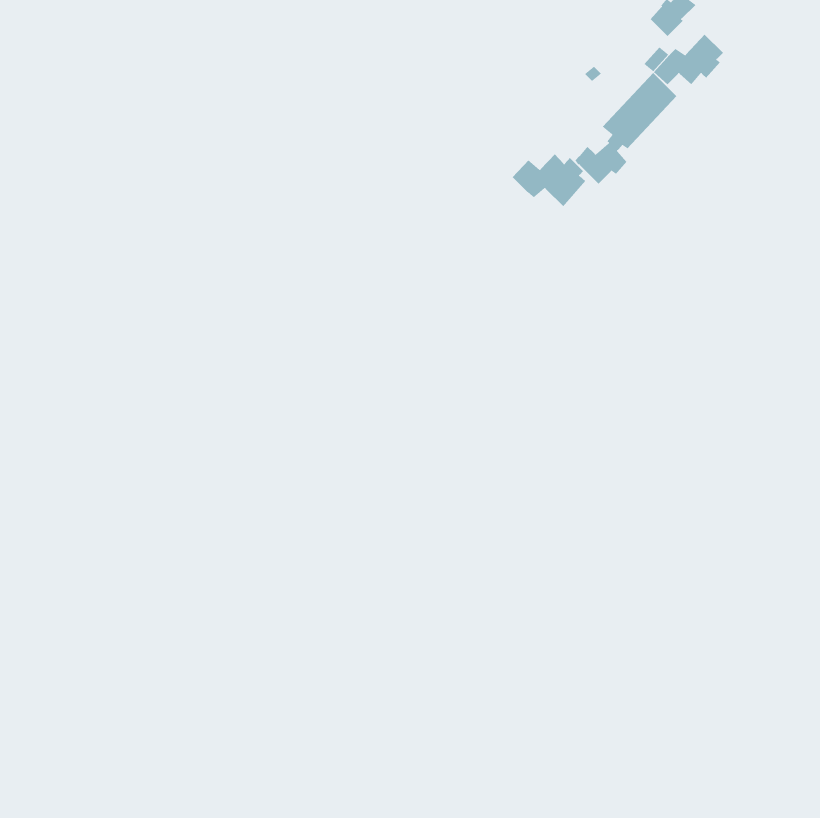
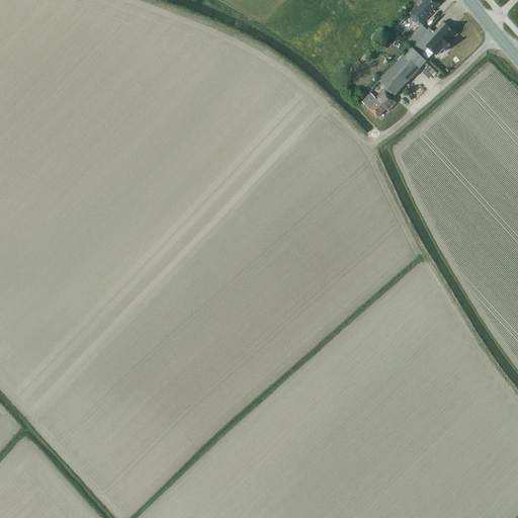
building: [512,154,586,207] -> none

